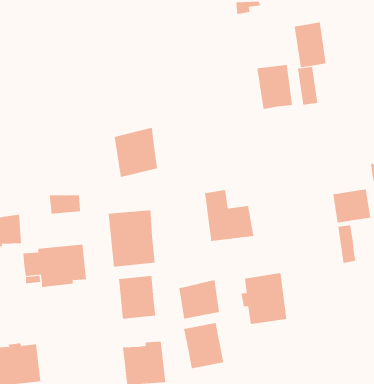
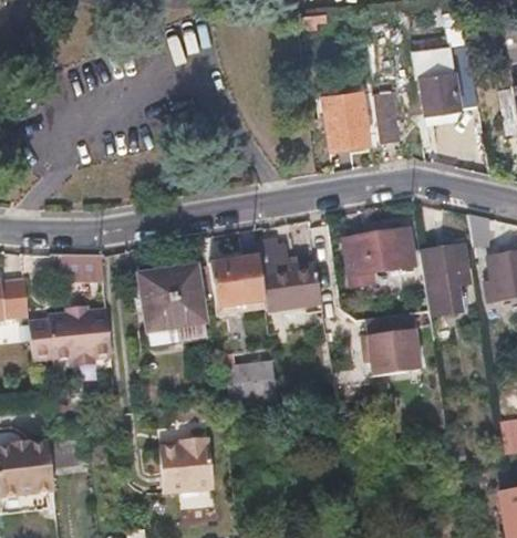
building: [294,22,327,68] -> [422,55,463,113]
building: [114,127,158,177] -> [211,255,267,318]
building: none -> [344,229,414,286]
building: [241,272,287,324] -> [361,309,420,374]
building: [119,275,156,320] -> none
building: [184,322,224,369] -> none

